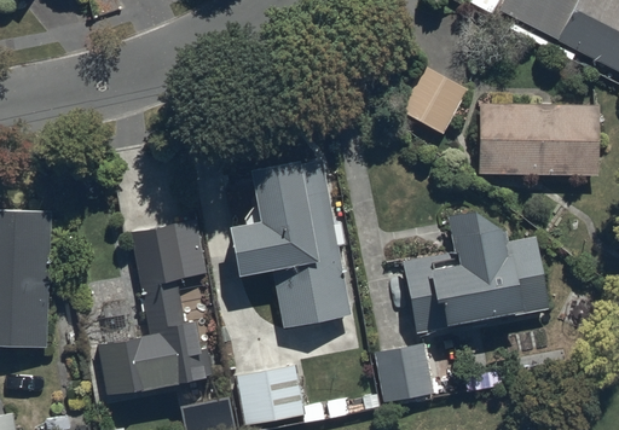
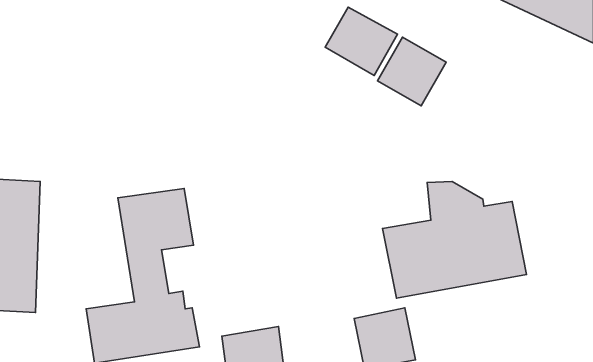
building: none -> [325,7,397,75]
building: [479,104,600,176] -> none
building: [231,162,351,327] -> none

